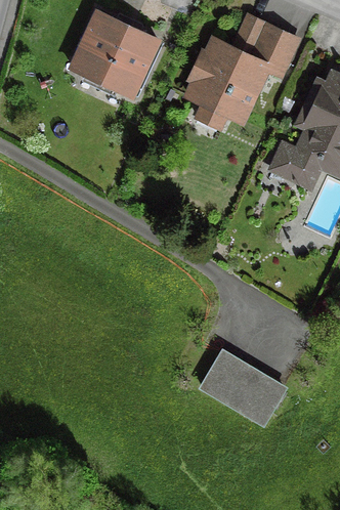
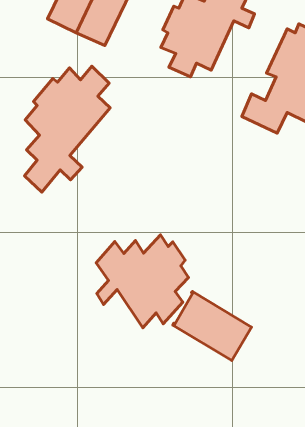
building: none -> [25,66,110,192]
building: none -> [96,235,189,328]

